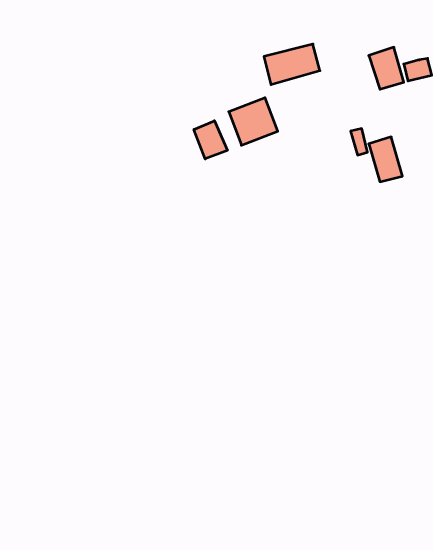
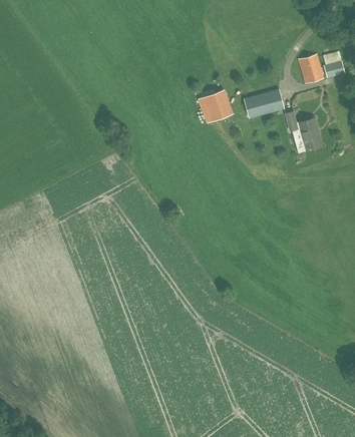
building: [264,44,320,85] -> [244,89,284,118]
building: [194,121,227,159] -> none

